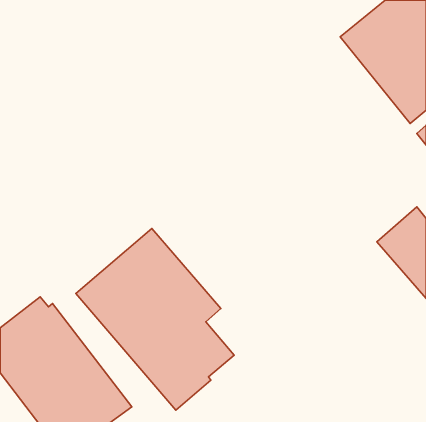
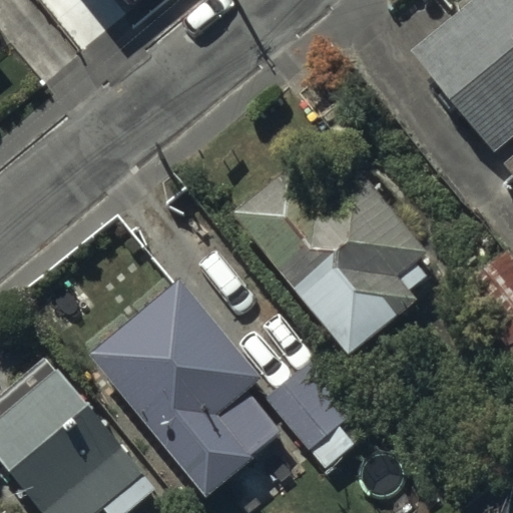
building: none -> [231,167,425,357]
building: none -> [265,360,361,471]

